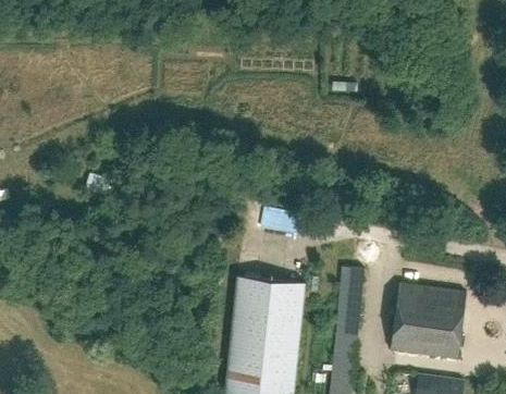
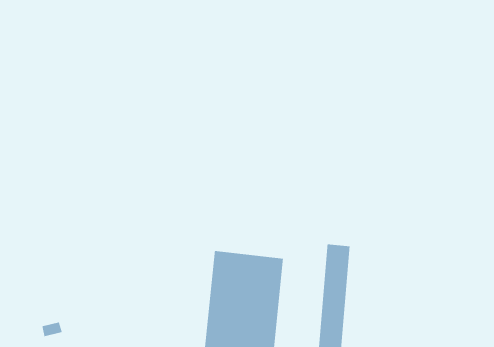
building: [390,282,468,360] -> none

